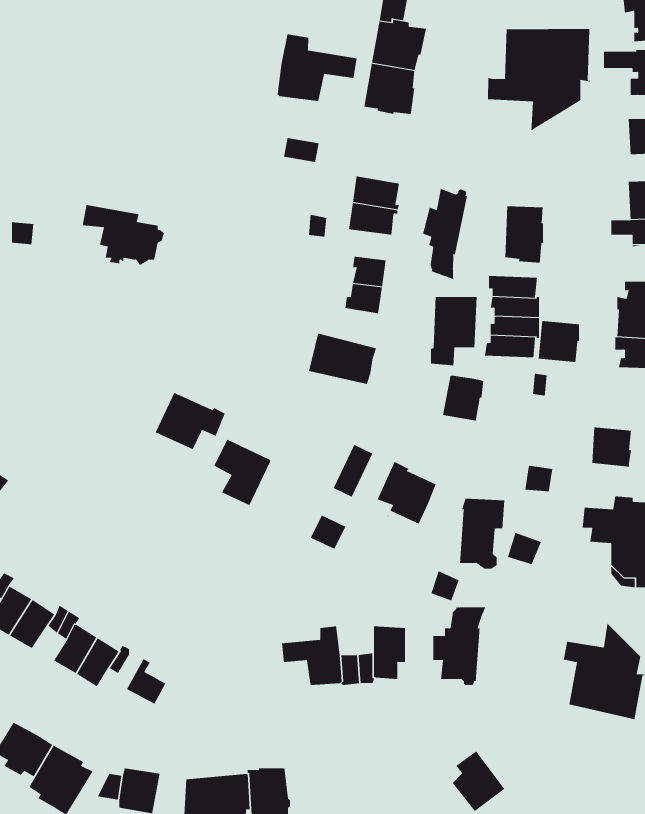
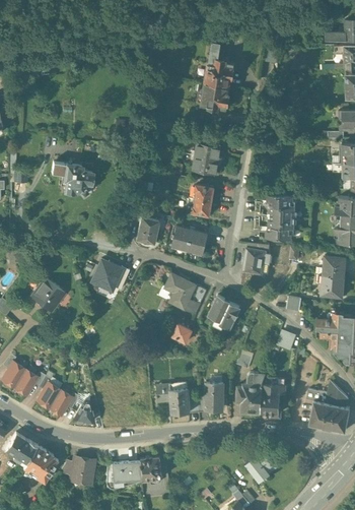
building: [488,28,590,131] -> none
building: [277,33,357,102] -> none
building: [422,188,467,280] -> none
building: [505,205,544,264] -> none
building: [430,296,477,366] -> none
building: none -> [136,216,157,243]
building: [538,320,580,363] -> [323,256,345,278]
building: none -> [31,276,60,308]
building: [213,439,271,506] -> [165,273,196,309]
building: [459,498,505,569] -> [261,377,285,415]

